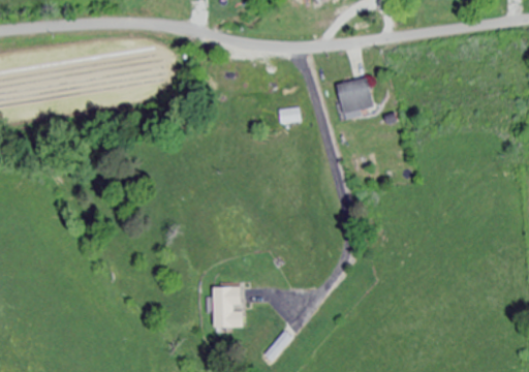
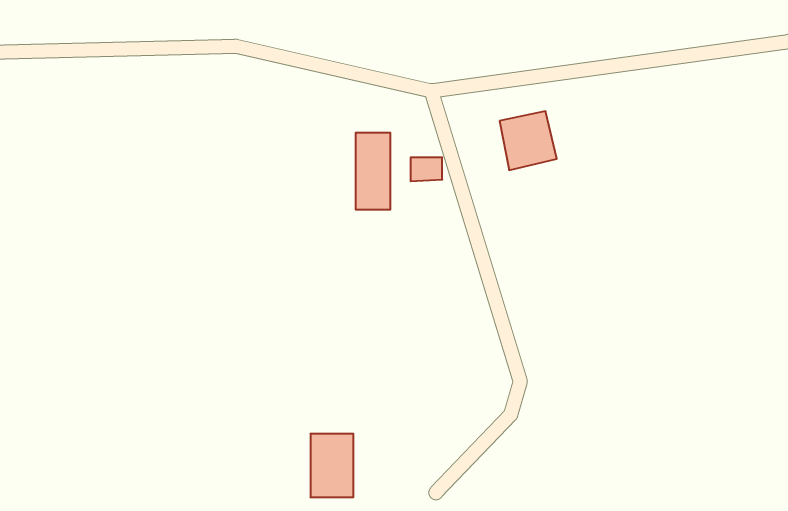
building: none -> [356,133,390,210]

